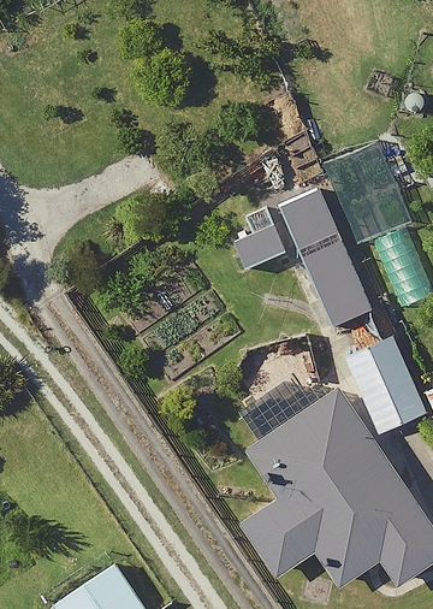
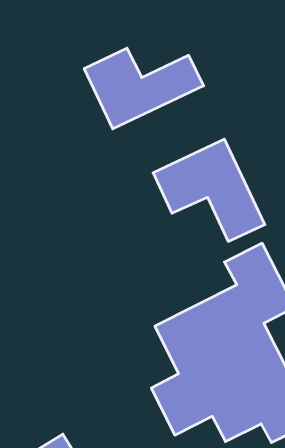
building: none -> [84,48,204,129]

